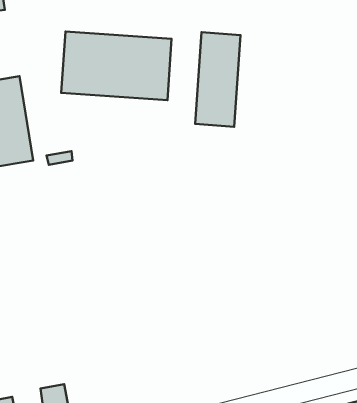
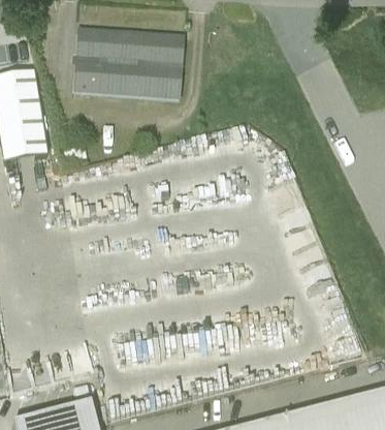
building: [195,32,241,127] -> none

